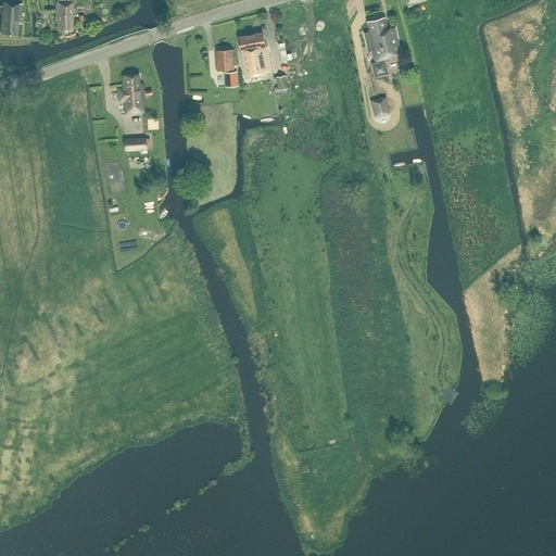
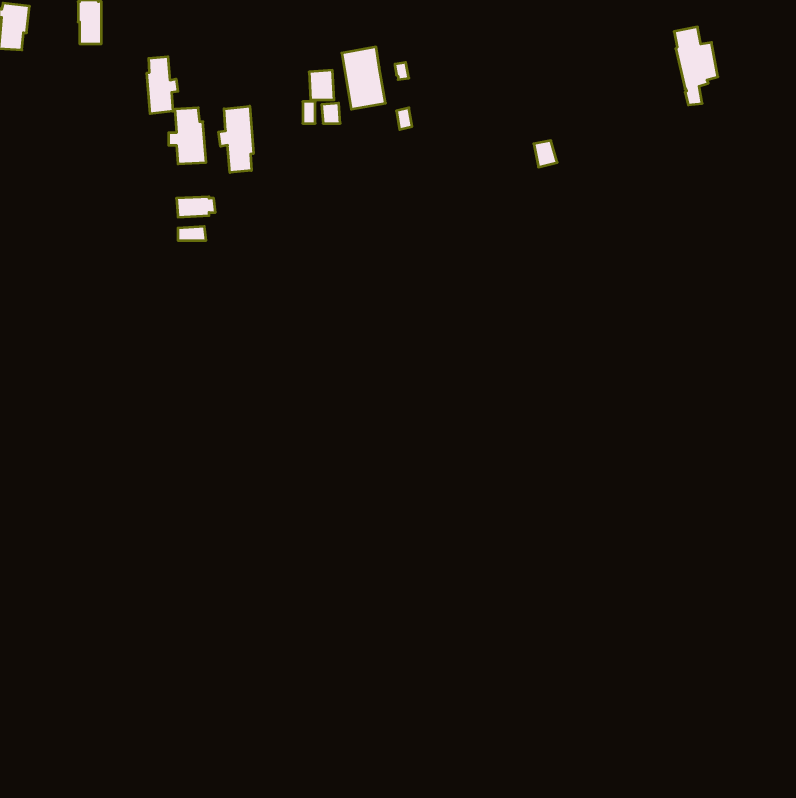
building: [367,17,397,72] -> [674,27,718,105]
building: none -> [147,57,178,114]
building: none -> [219,106,253,173]

